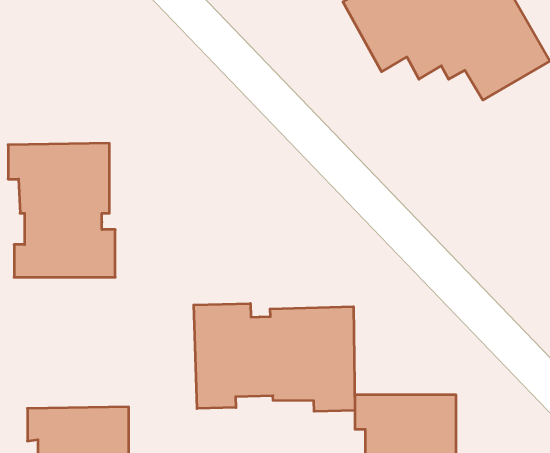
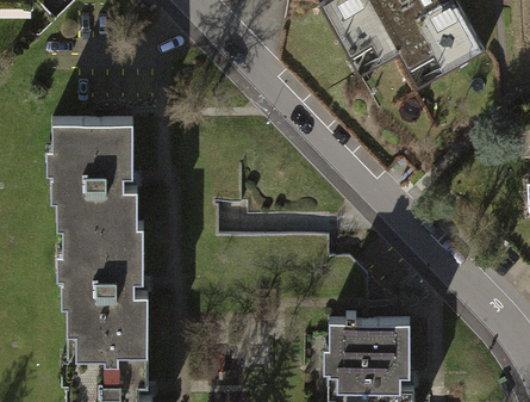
building: none -> [62,225,148,330]
building: [194,303,355,411] -> none

